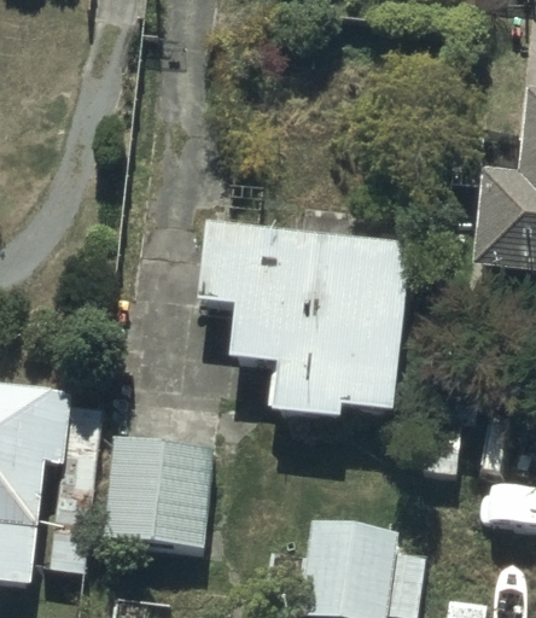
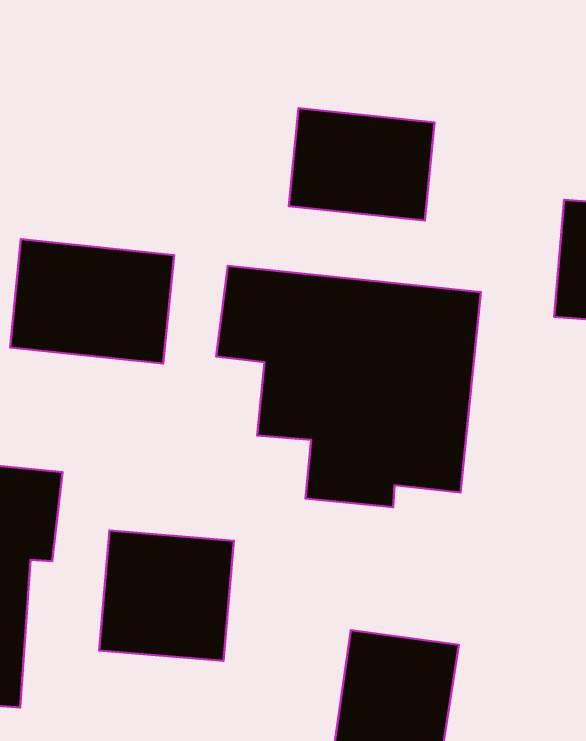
building: none -> [289,108,435,220]
building: none -> [10,239,174,364]

